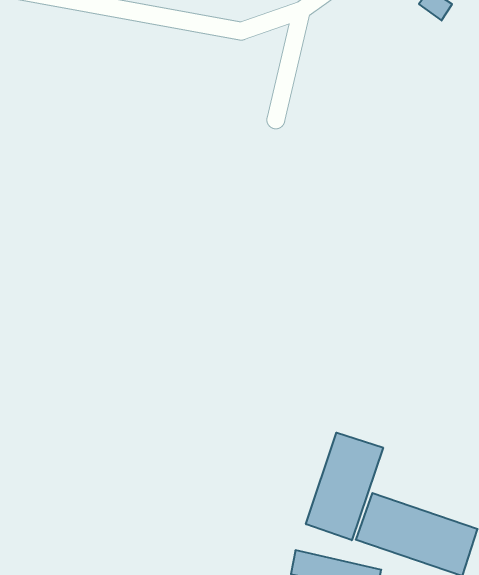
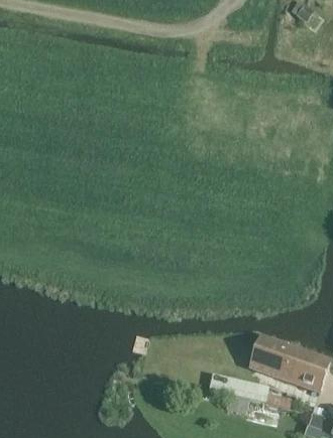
building: [306,433,383,540] -> none

